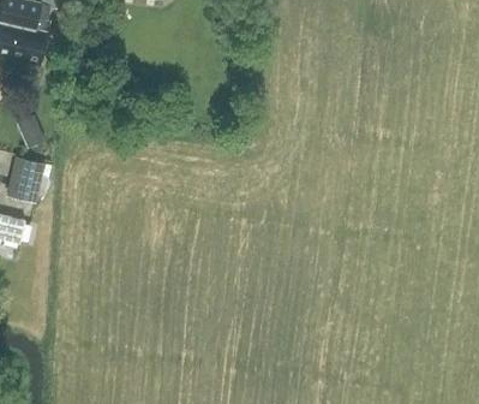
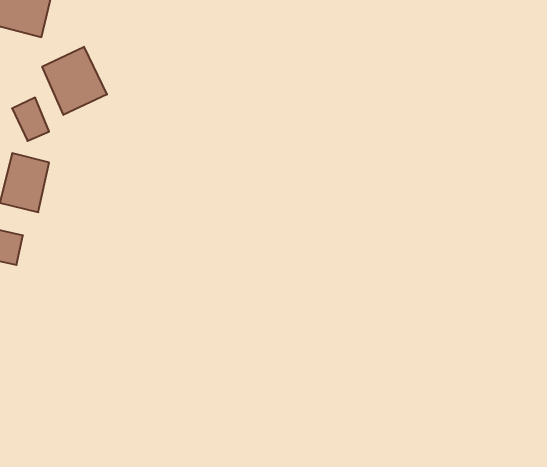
building: none -> [42,47,107,115]

